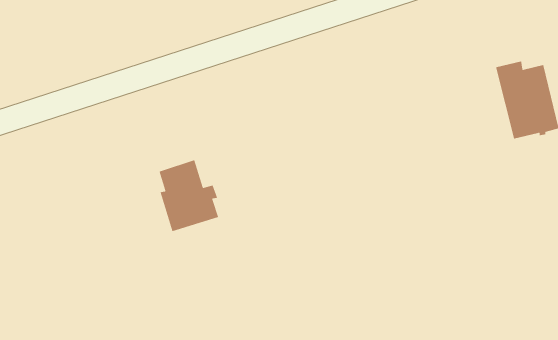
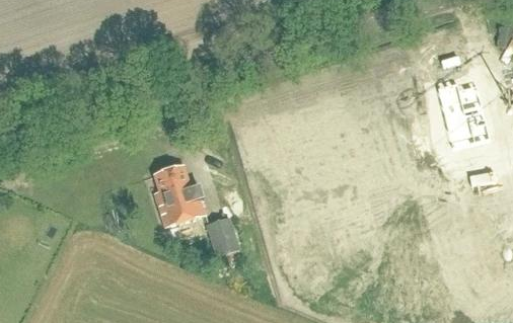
building: none -> [205,216,237,255]

